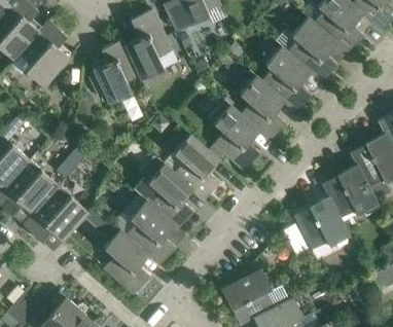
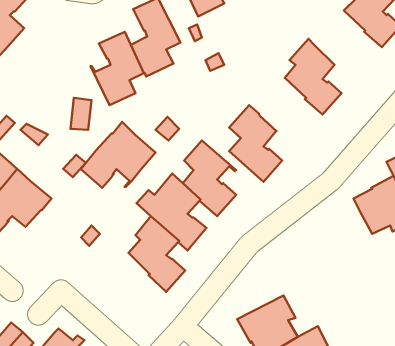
building: [288,17,337,83] -> none
building: [20,22,70,87] -> none
building: [240,75,286,142] -> none
building: [24,185,88,243] -> [81,122,155,188]
building: [294,197,349,250] -> none
building: [104,228,150,295] -> none

